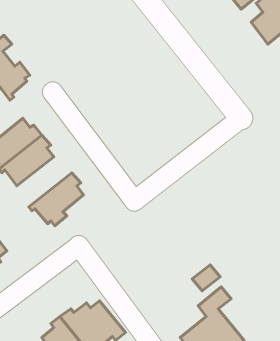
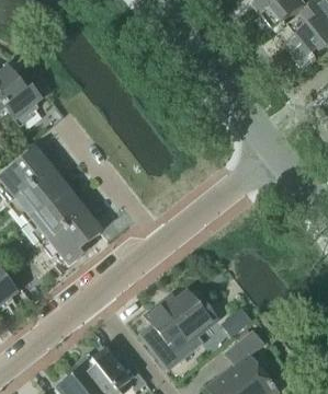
building: none -> [26,188,87,243]
building: none -> [138,290,216,369]

